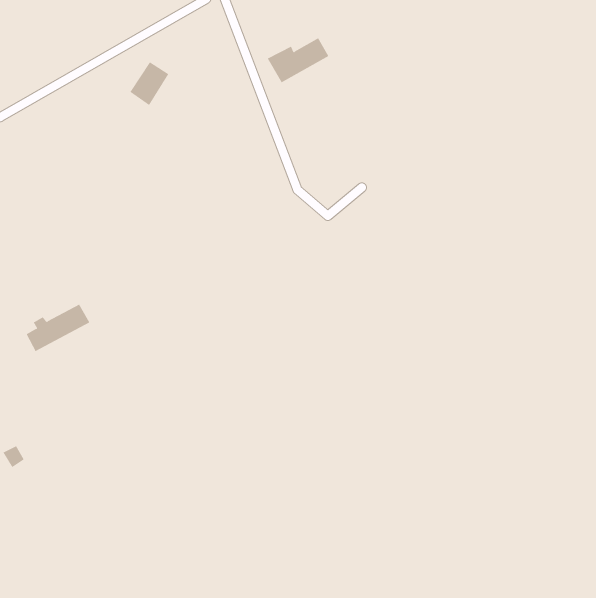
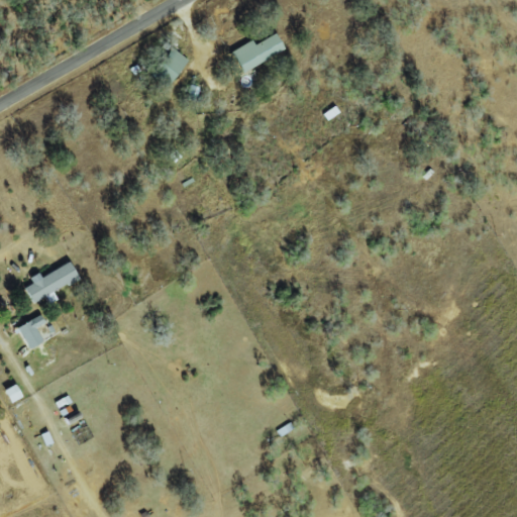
building: [130,61,169,106] -> [153,47,188,86]
building: none -> [17,315,45,349]

